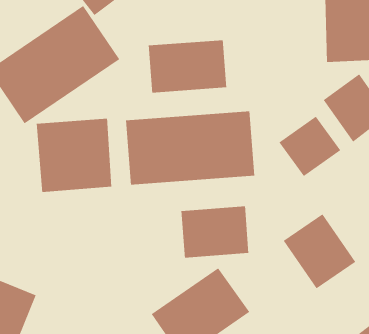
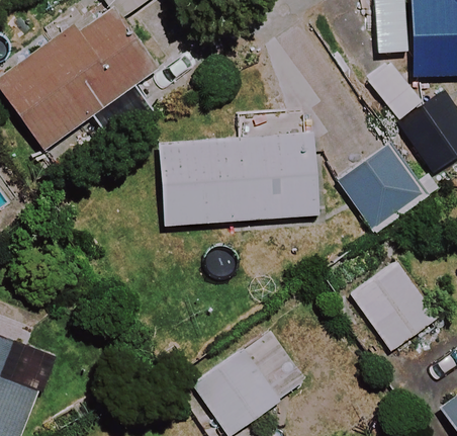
building: [148,39,227,93] -> none
building: [36,118,112,193] -> none
building: [181,206,249,258] -> none

